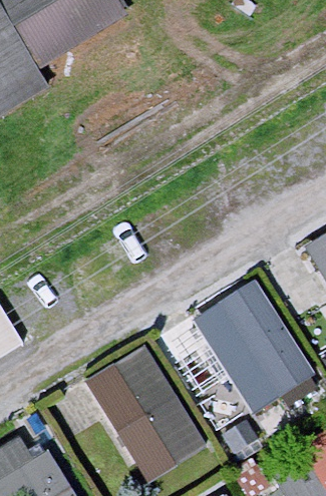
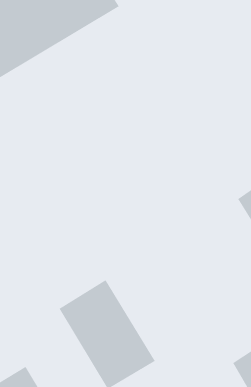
building: [194,280,313,411] -> none

